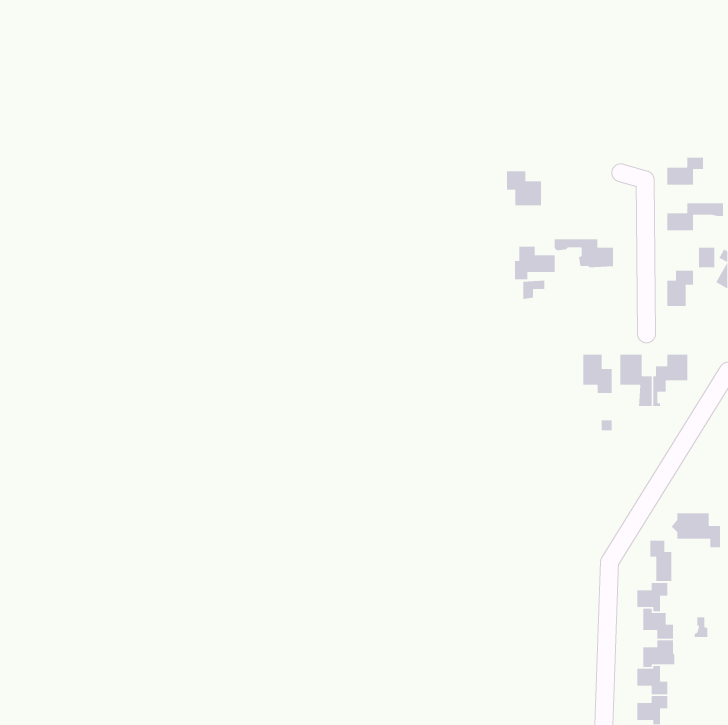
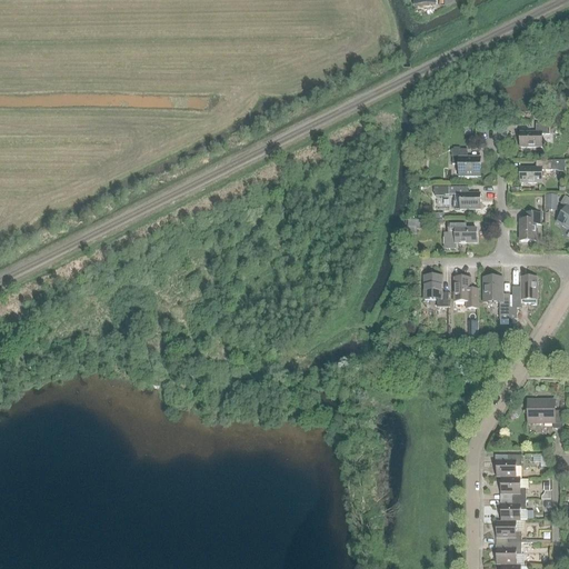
building: [506,170,542,206] -> [451,147,479,174]
building: [514,246,555,280] -> [443,220,476,247]
building: none -> [423,274,448,305]
building: [649,540,672,582] -> none

